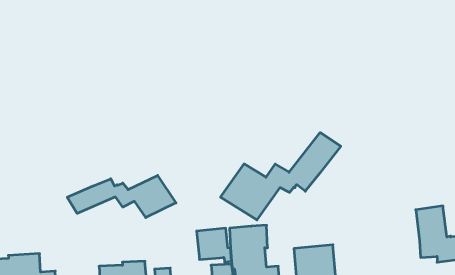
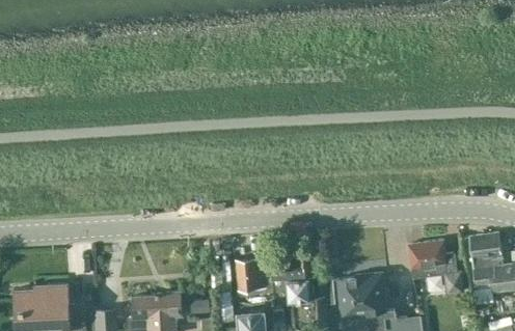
building: [221,133,341,220] -> none
building: [67,175,176,218] -> none
building: none -> [407,241,463,297]

